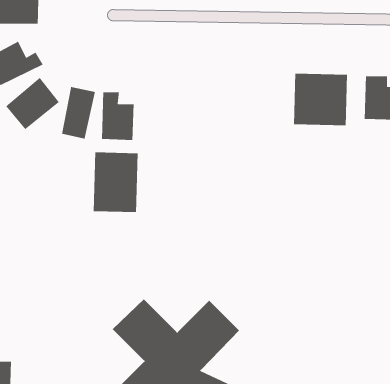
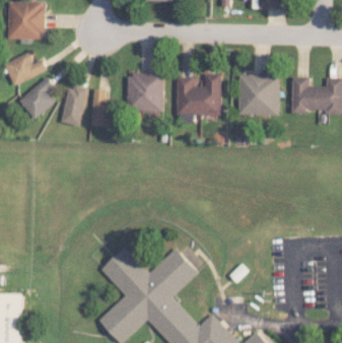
building: none -> [127,73,163,113]
building: none -> [177,74,221,123]
building: [93,152,139,213] -> none

